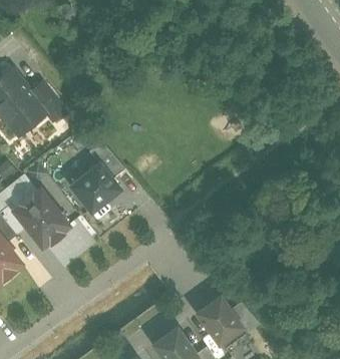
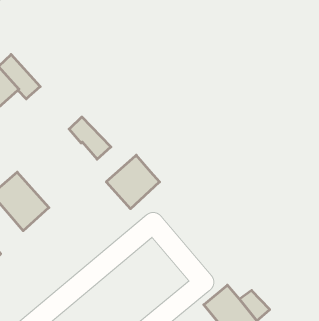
building: [71,164,118,212] -> [106,155,160,209]

